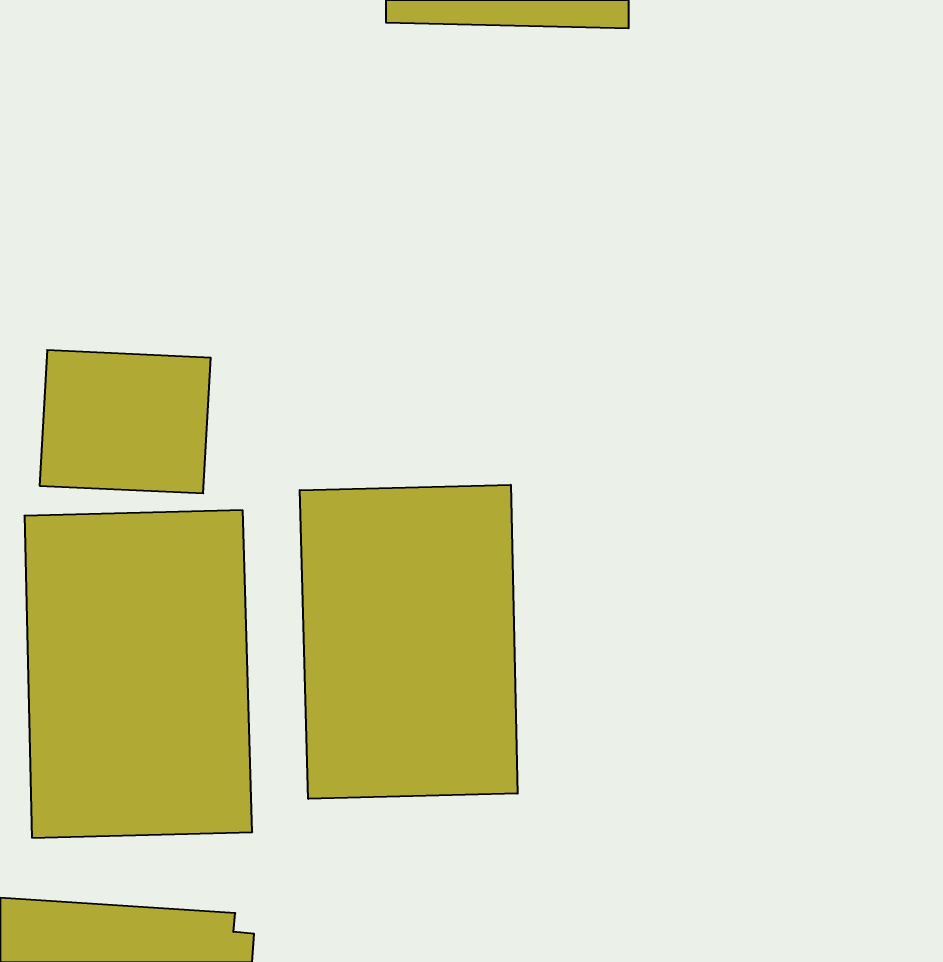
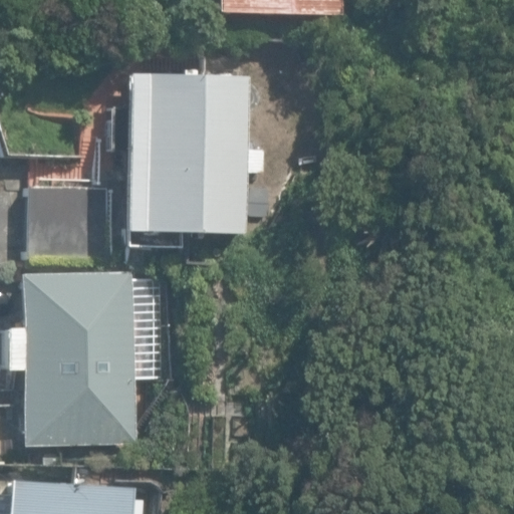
building: none -> [124,74,263,236]
building: [300,485,518,799] -> none

